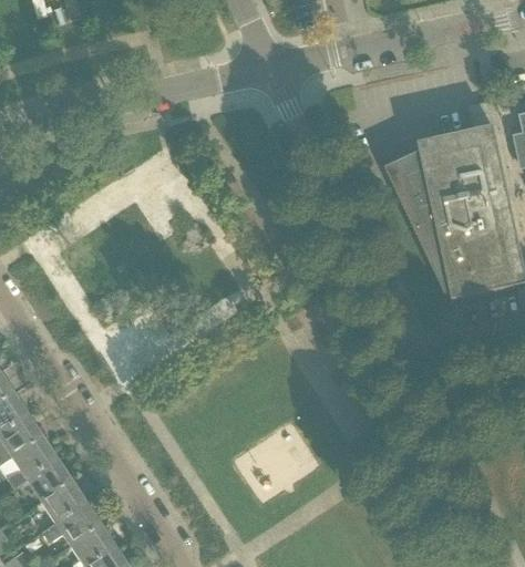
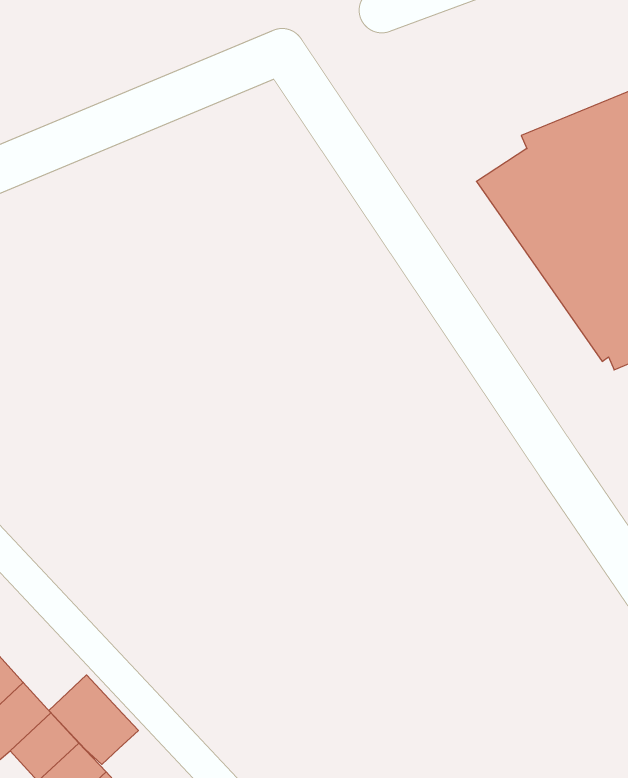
building: none -> [49,675,138,764]

